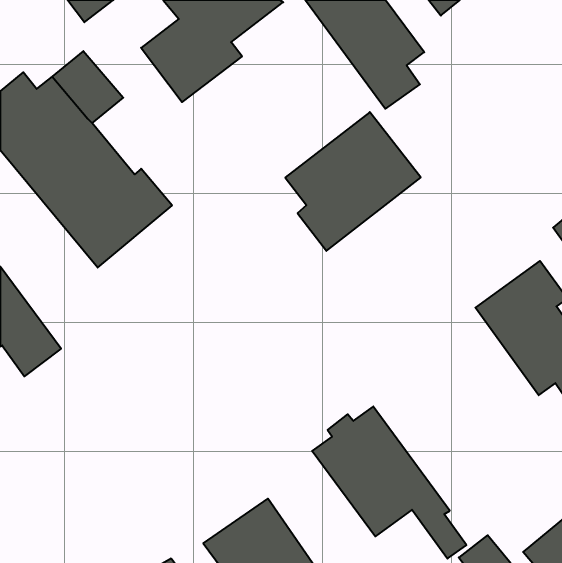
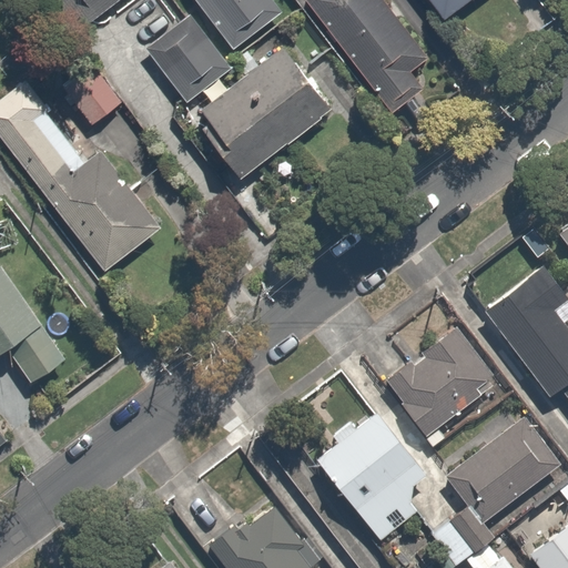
building: [285,112,421,251] -> [196,42,332,181]
building: none -> [386,325,503,437]
building: none -> [442,418,557,546]

